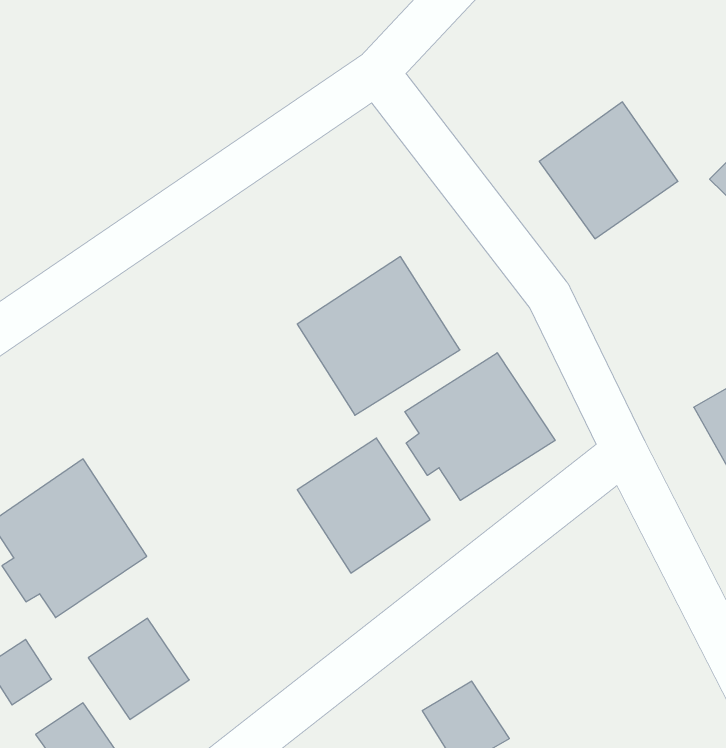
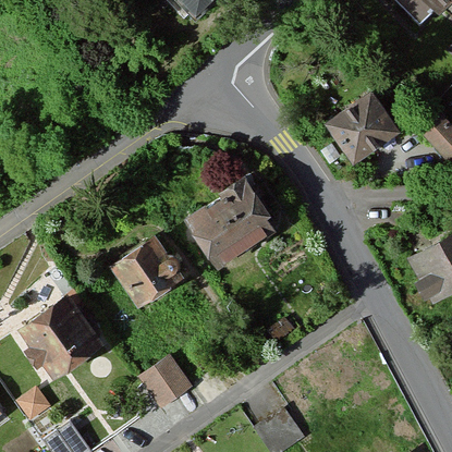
building: [405,353,555,500] -> none
building: [297,438,430,573] -> [114,232,187,306]
building: [88,618,189,719] -> [138,352,194,407]

